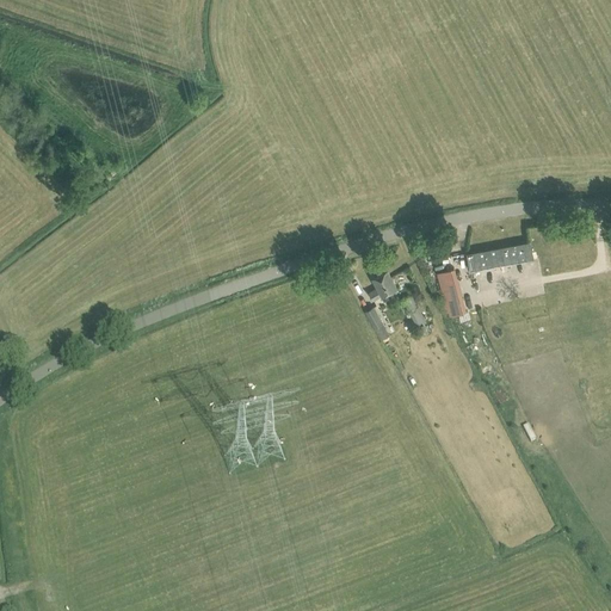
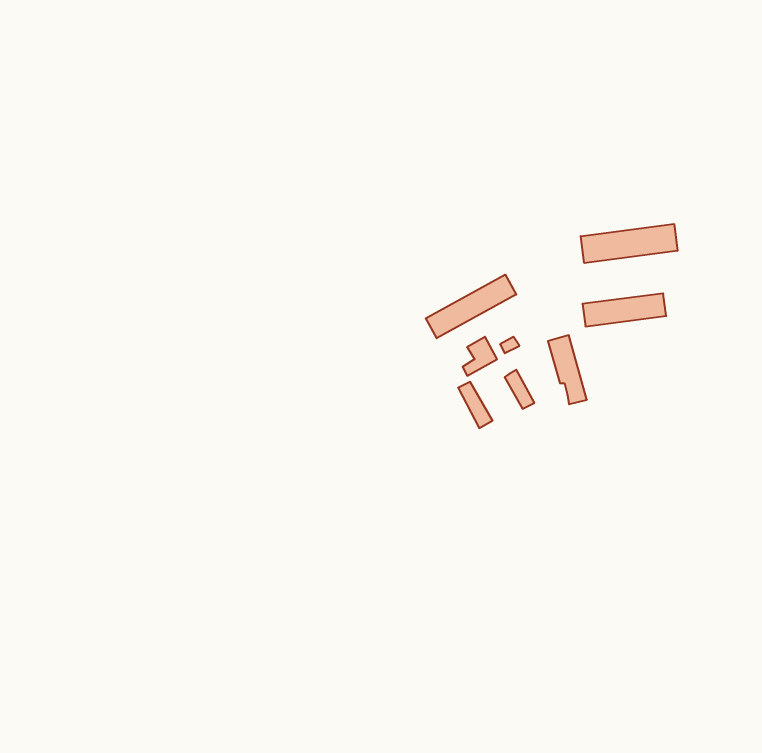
building: none -> [581,224,677,263]
building: none -> [426,275,516,338]

